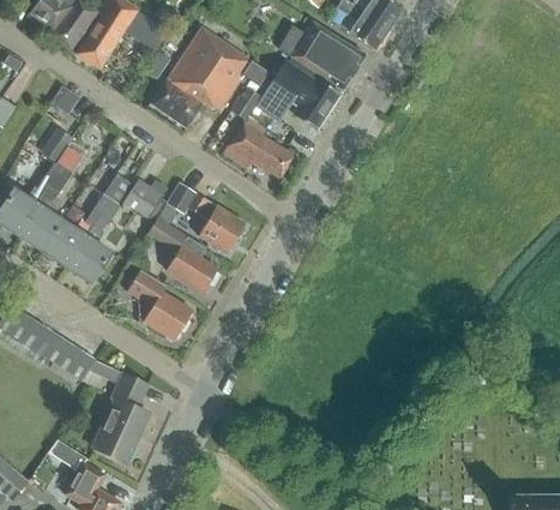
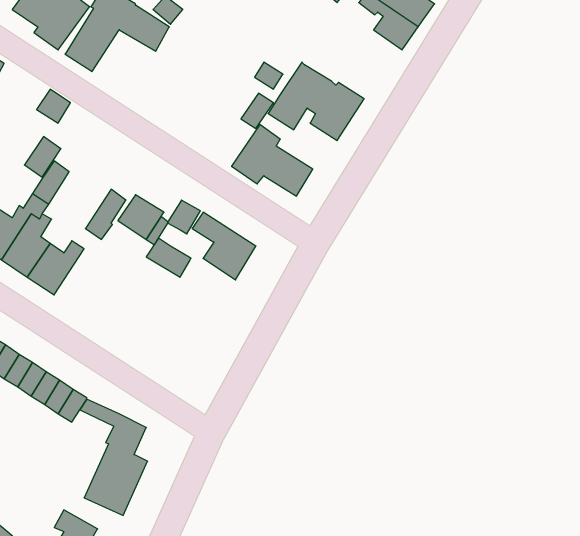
building: [281,22,366,89] -> none
building: [150,26,248,126] -> none
building: [66,208,110,282] -> none
building: [167,236,218,293] -> none
building: [127,270,192,340] -> none

